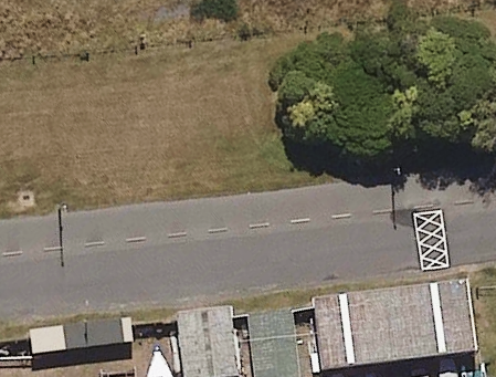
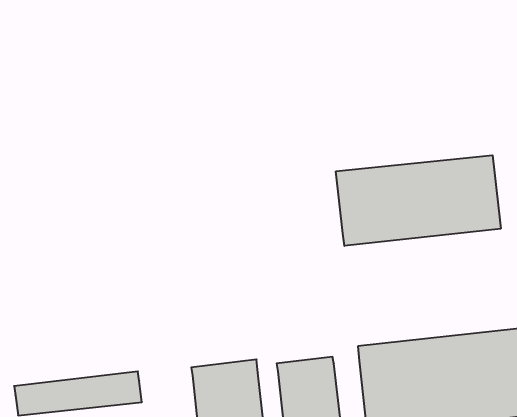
building: none -> [336,155,501,246]

